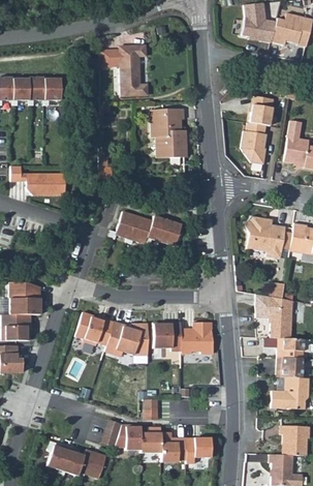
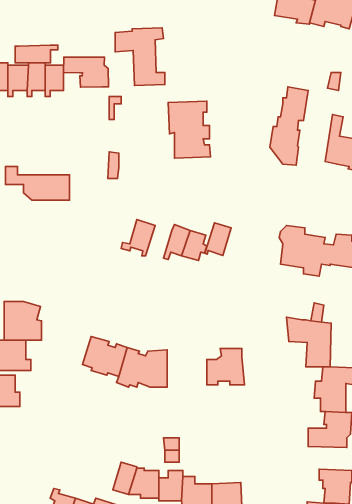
building: none -> [15,45,58,63]
building: none -> [63,57,109,87]
building: [131,216,154,244] -> [205,223,231,255]
building: [155,322,184,351] -> none

